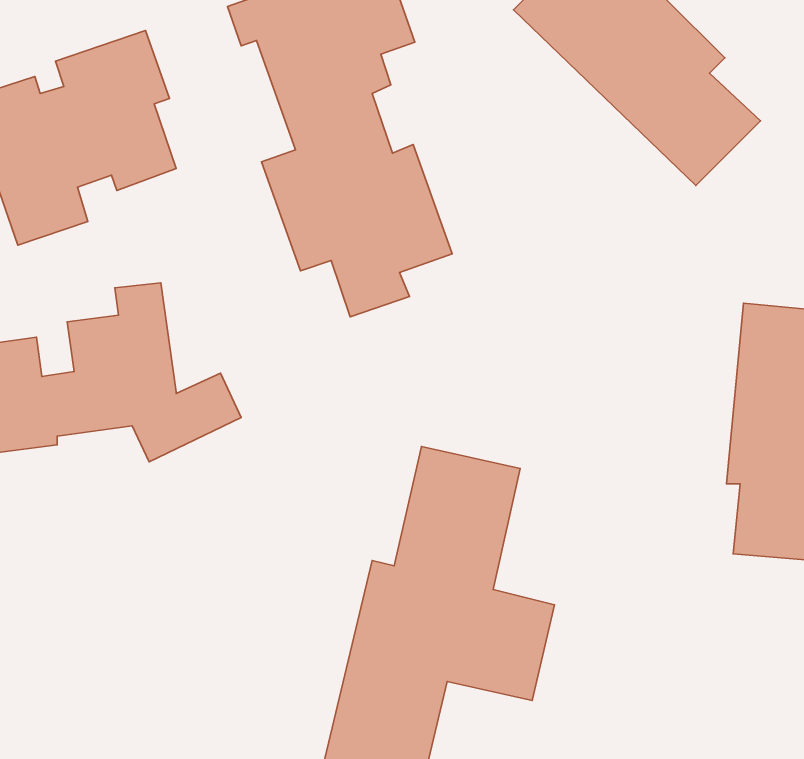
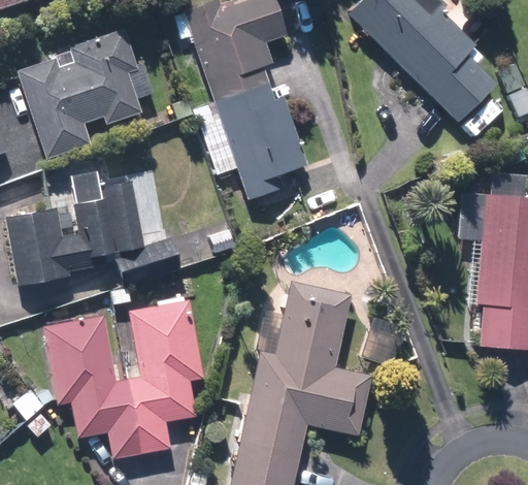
building: none -> [42,298,205,458]

